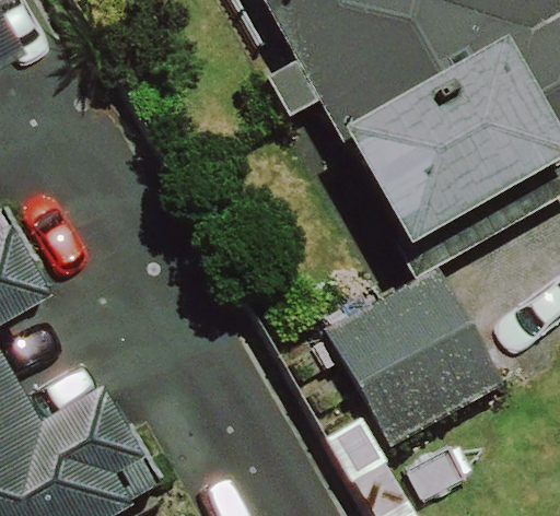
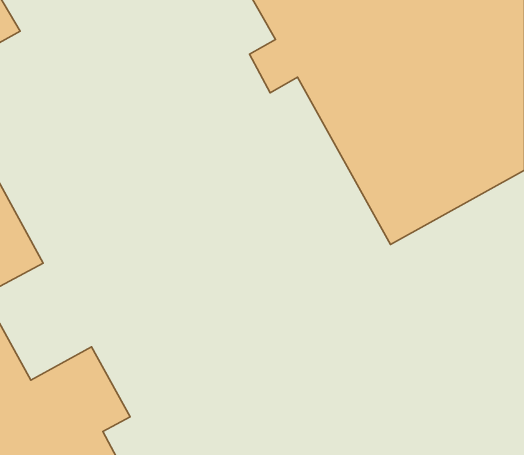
building: [325,275,505,443] -> none

